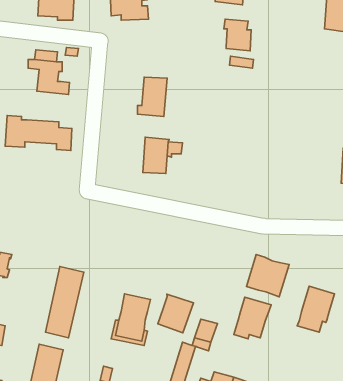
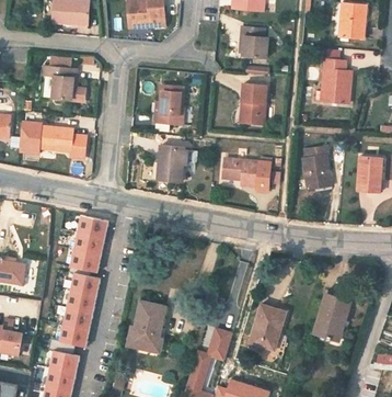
building: none -> [321,59,349,104]
building: none -> [240,84,265,125]
building: none -> [302,146,331,190]
building: none -> [221,159,269,191]
building: none -> [71,215,106,271]
building: [246,255,289,297] -> none
building: [158,294,193,333] -> none

